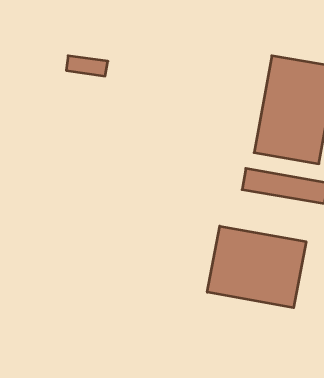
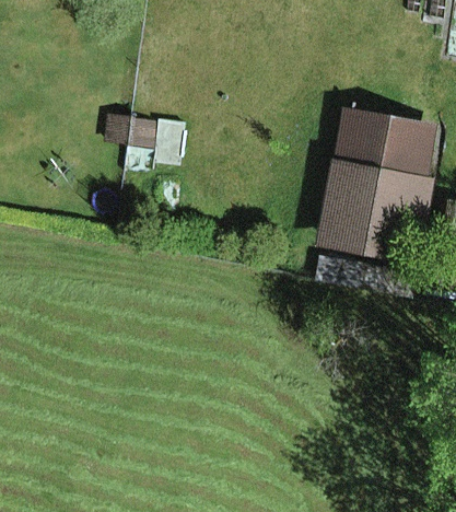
building: [207,226,306,308] -> none

